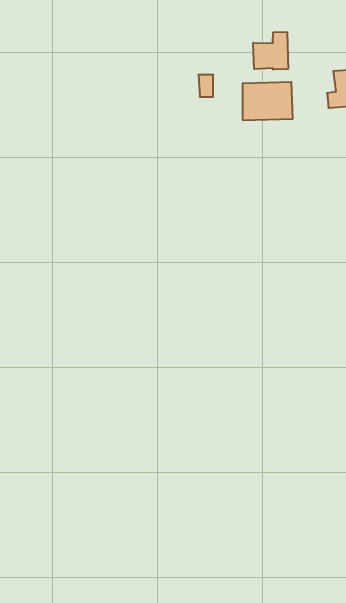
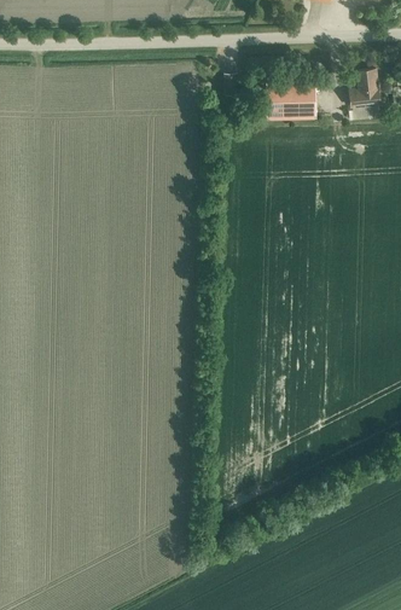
building: [253,32,288,70] -> none

